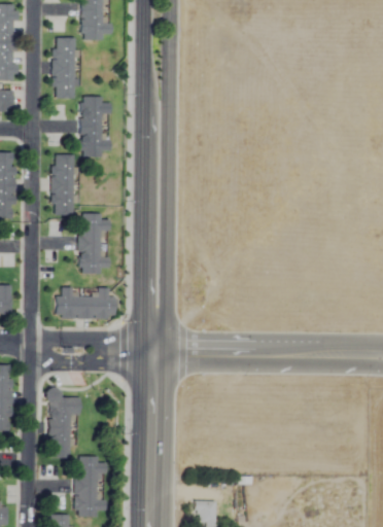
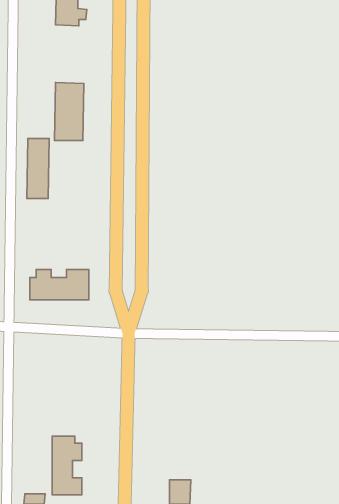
building: [54,38,75,98] -> none
building: [79,213,111,273] -> none
building: [49,388,81,456] -> none

